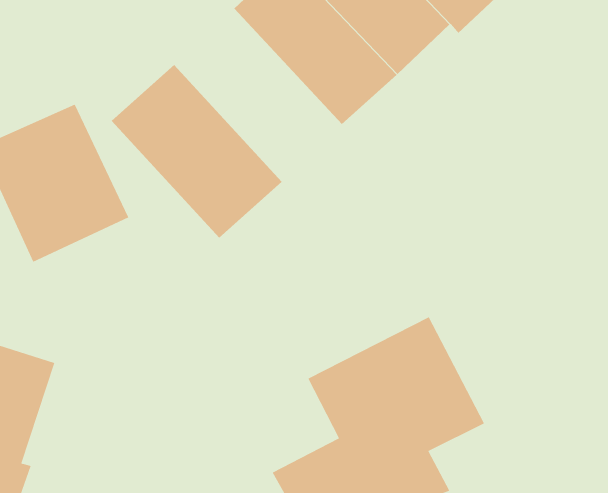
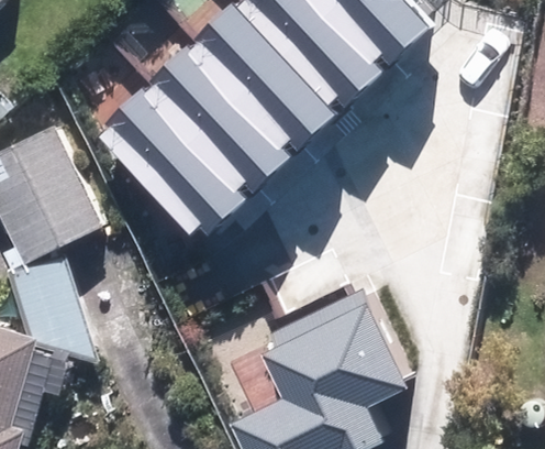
building: none -> [149,42,289,186]

